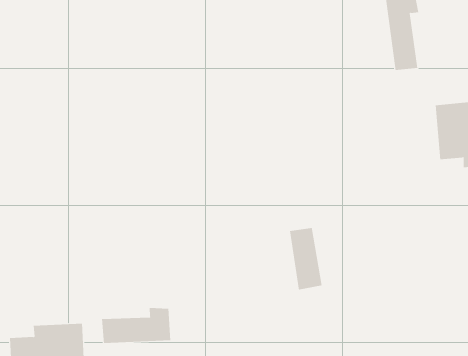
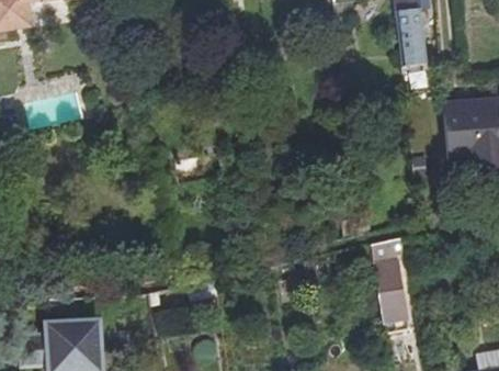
building: [289,227,323,290] -> [373,261,406,323]
building: [102,307,171,344] -> none

